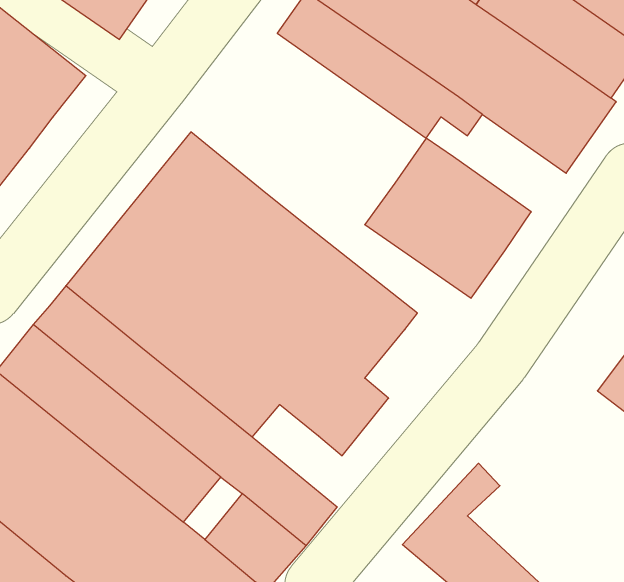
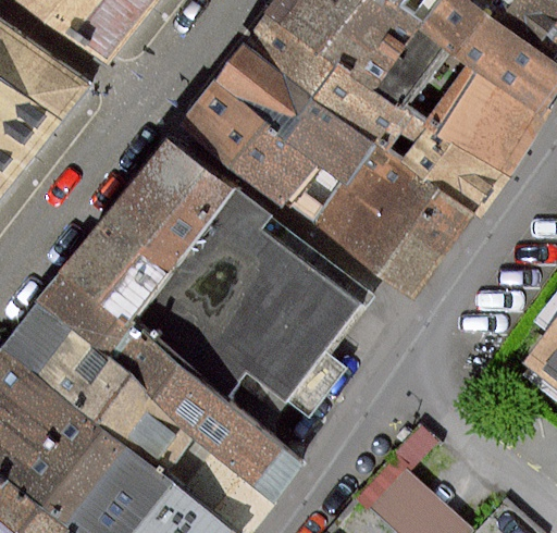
building: none -> [189,52,372,219]
building: none -> [396,123,494,210]

